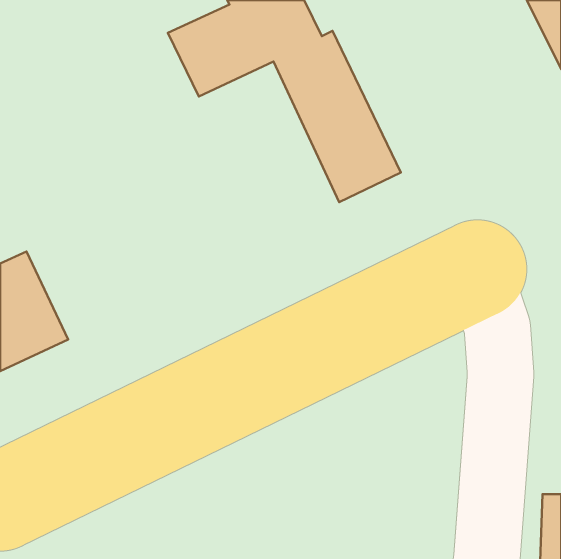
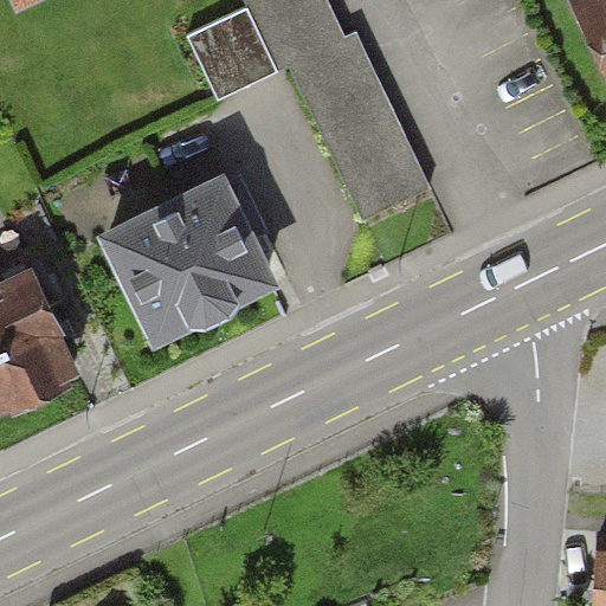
building: none -> [110,172,284,340]

